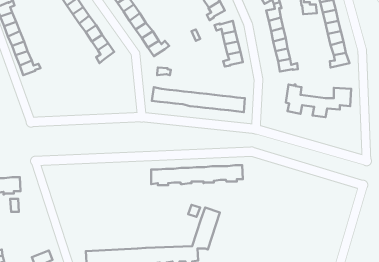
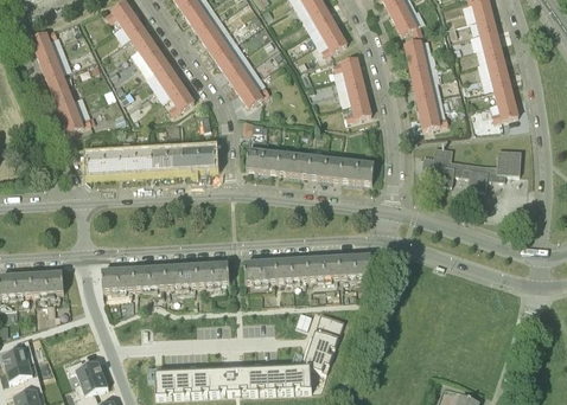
building: none -> [87,147,214,173]
building: none -> [100,262,228,290]
building: none -> [65,356,102,381]

